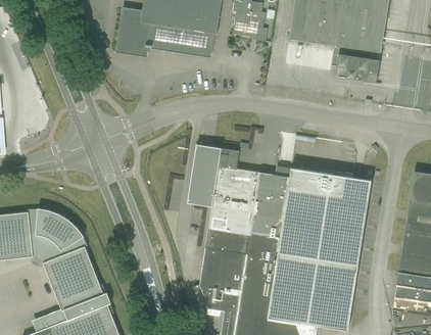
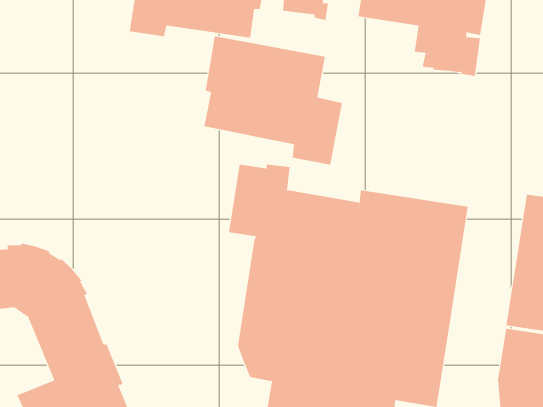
building: none -> [204,36,343,165]

